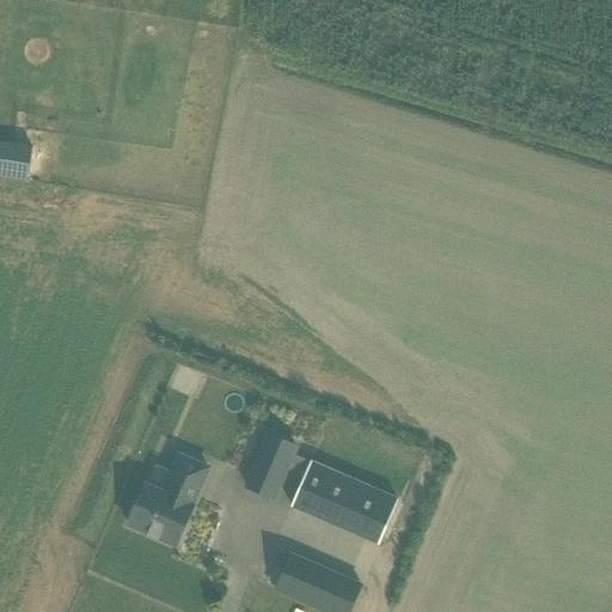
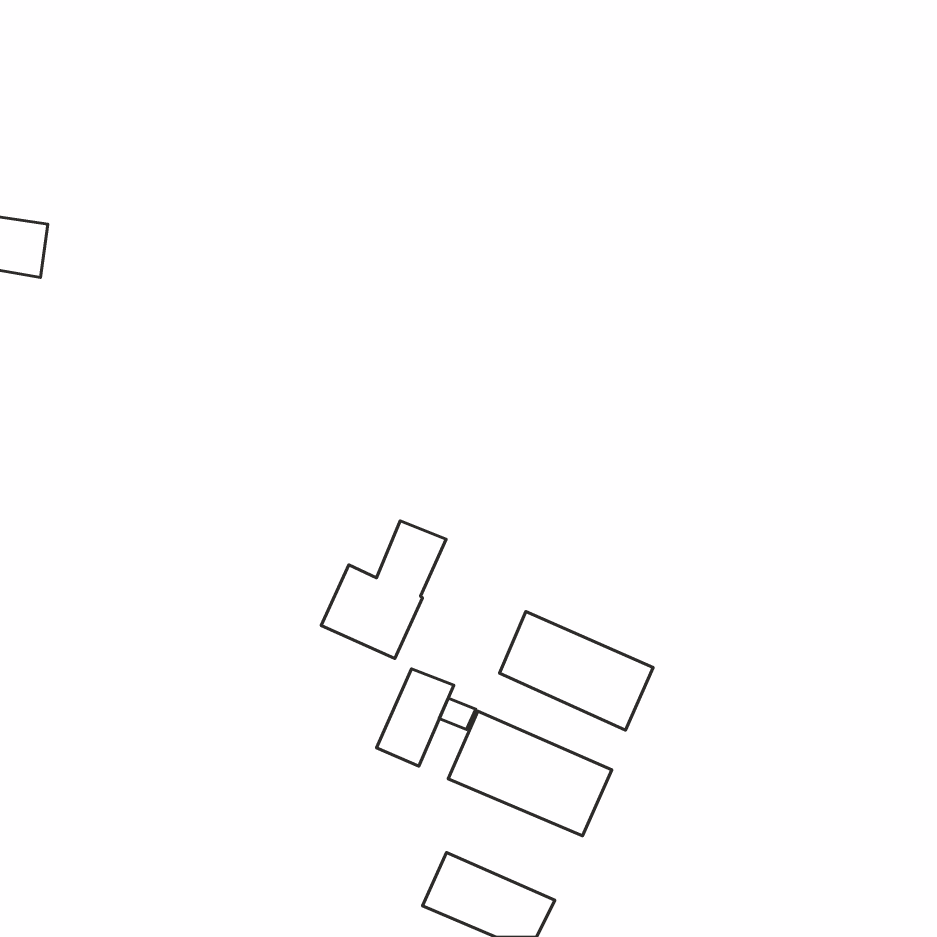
building: none -> [499,612,653,730]
building: [127,455,208,545] -> [321,521,446,659]

